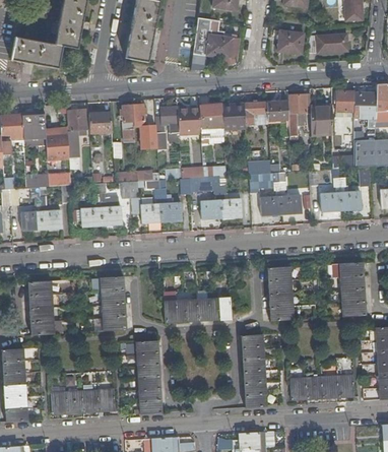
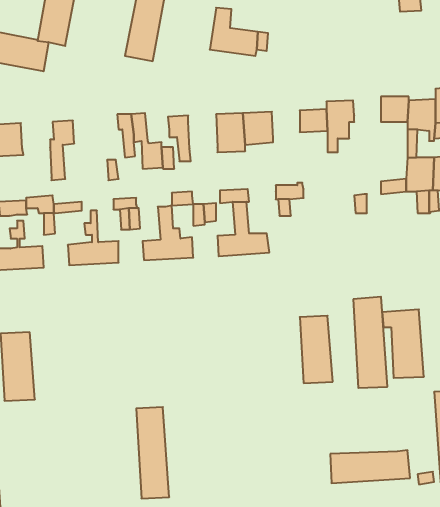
building: [279,30,306,55] -> none
building: [310,35,349,56] -> none
building: [245,102,268,124] -> none
building: [178,105,201,132] -> none
building: [311,106,332,132] -> none
building: [88,112,112,132] -> none
building: [45,131,68,156] -> none
building: [262,171,303,214] -> none
building: [322,178,363,210] -> none
building: [101,275,127,330] -> none
building: [165,297,232,321] -> none
building: [241,333,268,406] -> [353,297,387,388]
building: [51,388,116,413] -> none

